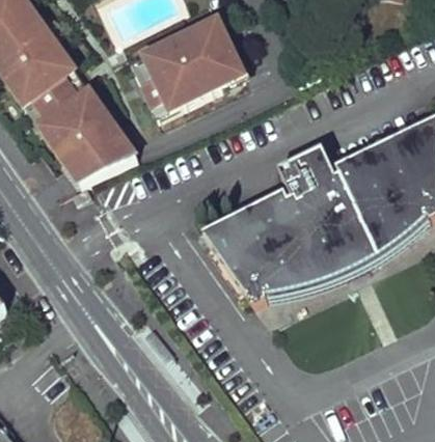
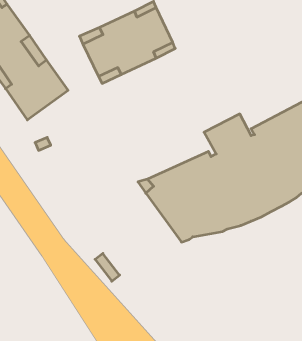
building: [64,123,134,181] -> none

